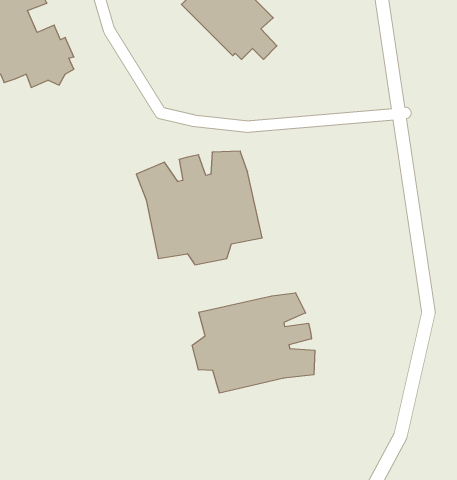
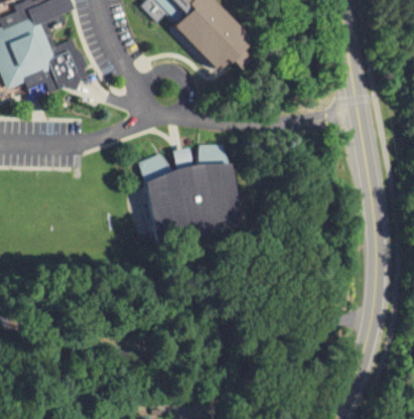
building: [192,293,315,393] -> none

